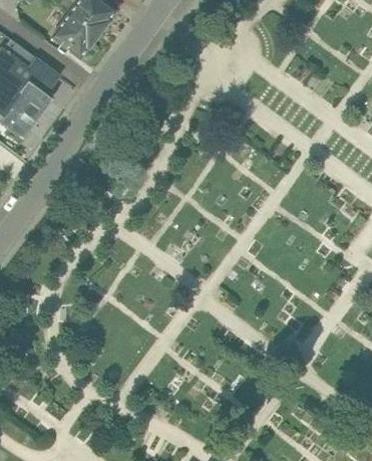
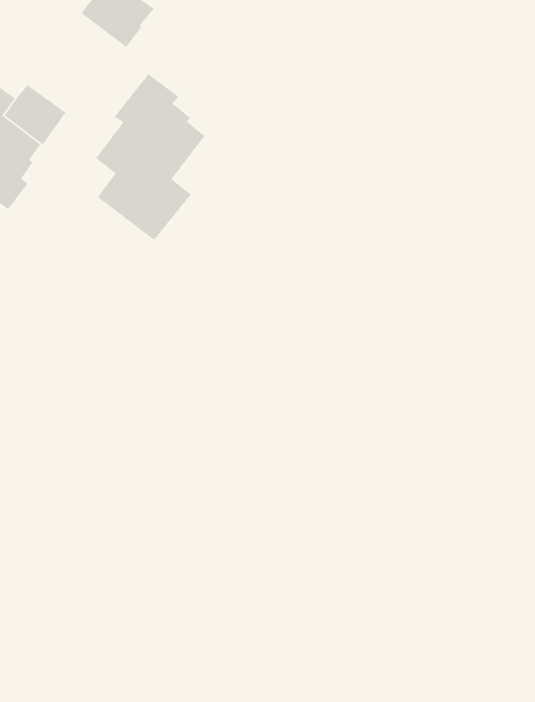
building: [53,12,99,57] -> none
building: none -> [95,73,205,241]

